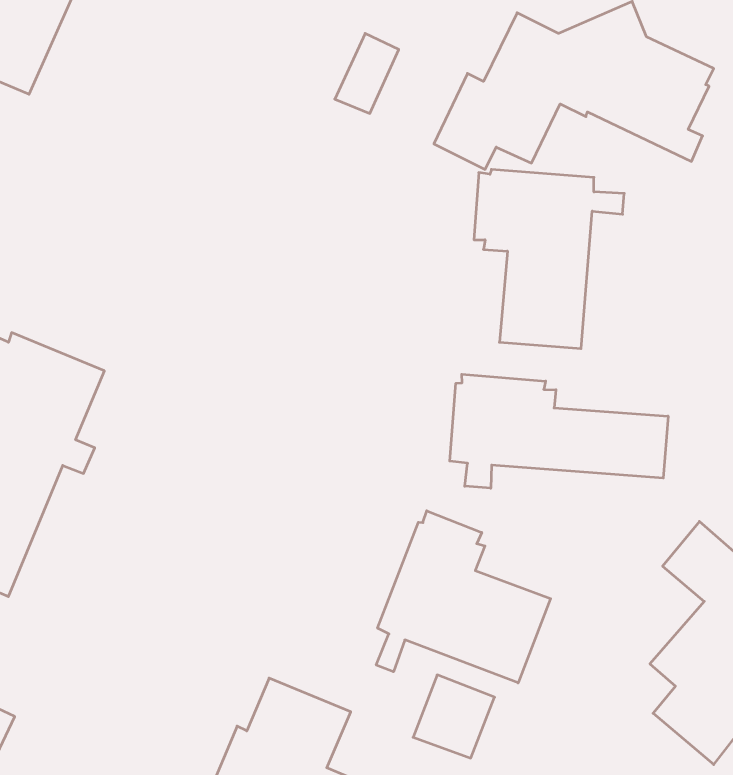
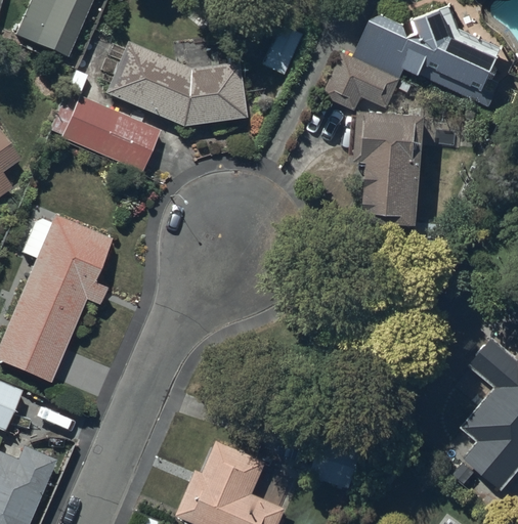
building: none -> [103,42,246,128]
building: none -> [61,97,158,171]
building: [450,374,668,488] -> none
building: [376,511,551,683] -> none

